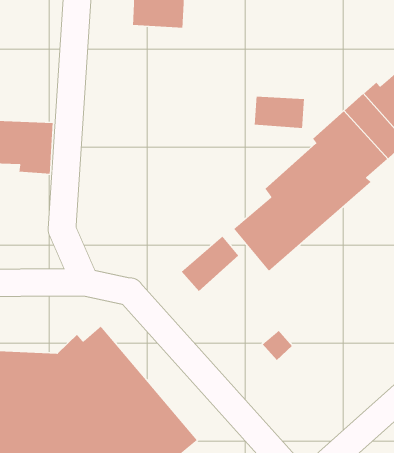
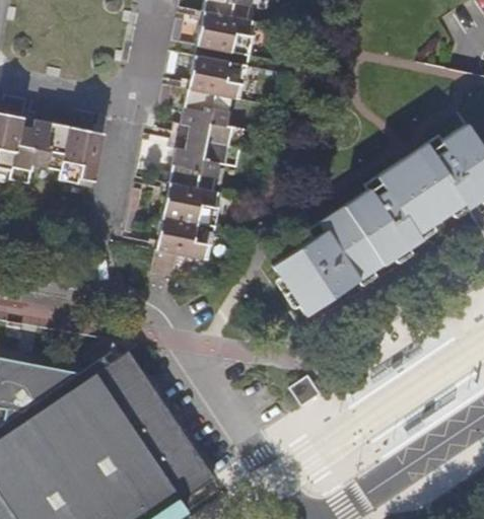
building: none -> [152,56,248,275]
building: [254,96,305,129] -> none
building: [181,235,239,292] -> none

